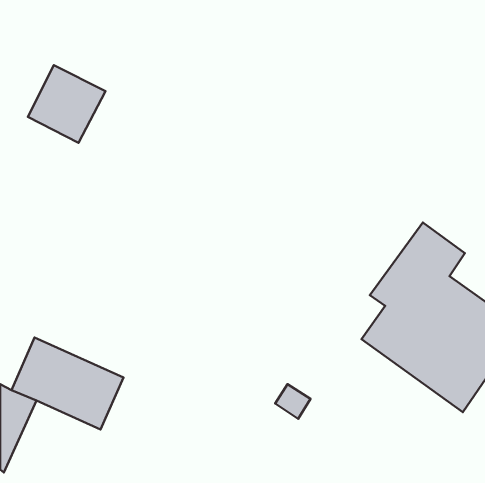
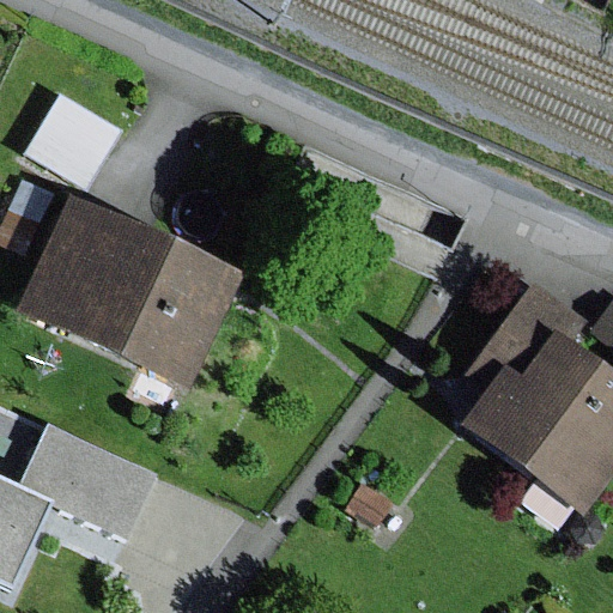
building: none -> [16,196,238,386]

